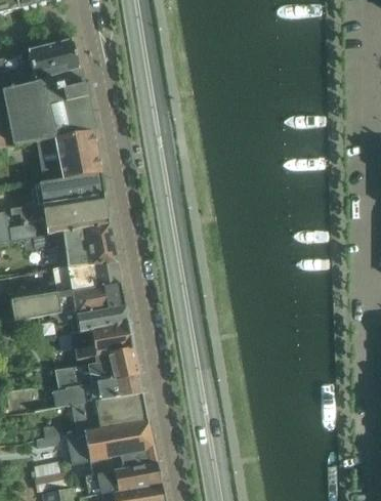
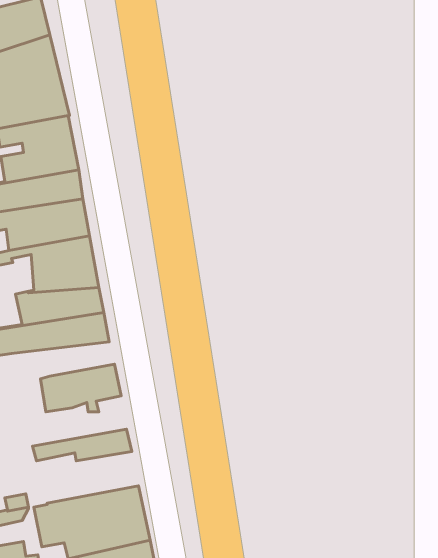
building: [47,305,127,332] -> none
building: [56,347,136,387] -> none
building: [71,390,145,430] -> none

